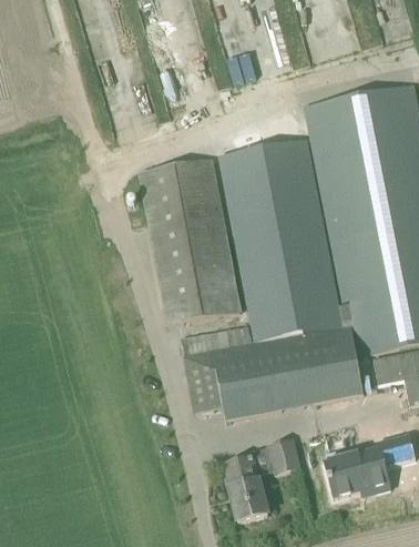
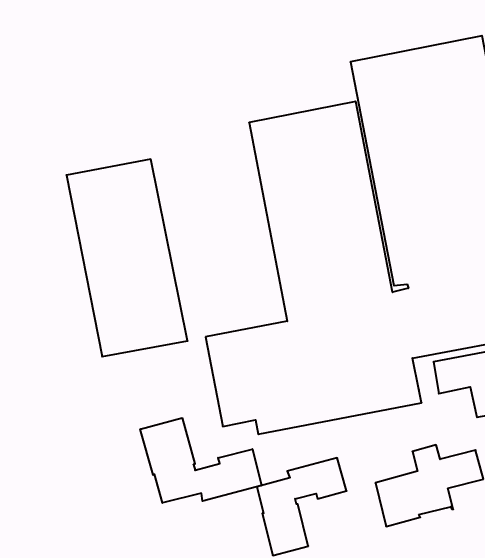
building: [140,155,242,322] -> [66,159,188,357]
building: none -> [140,418,261,503]

